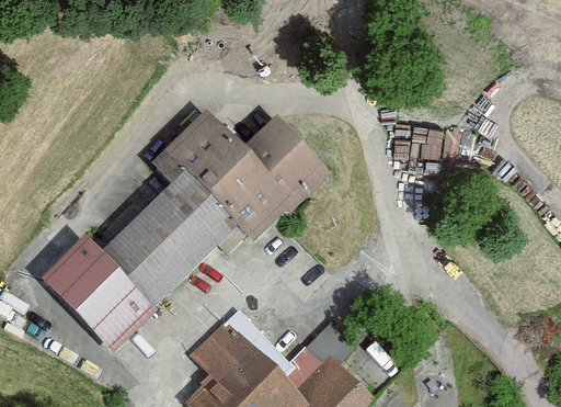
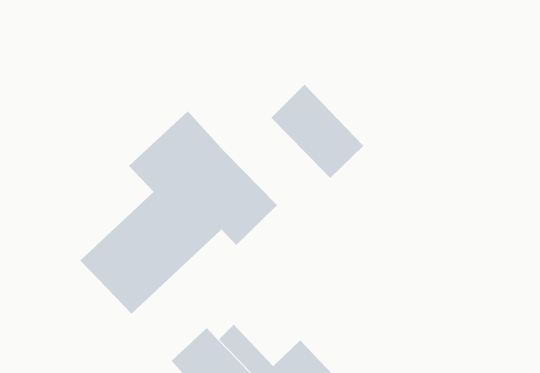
building: [241,115,332,207] -> [271,84,364,179]
building: [41,239,153,353] -> none

